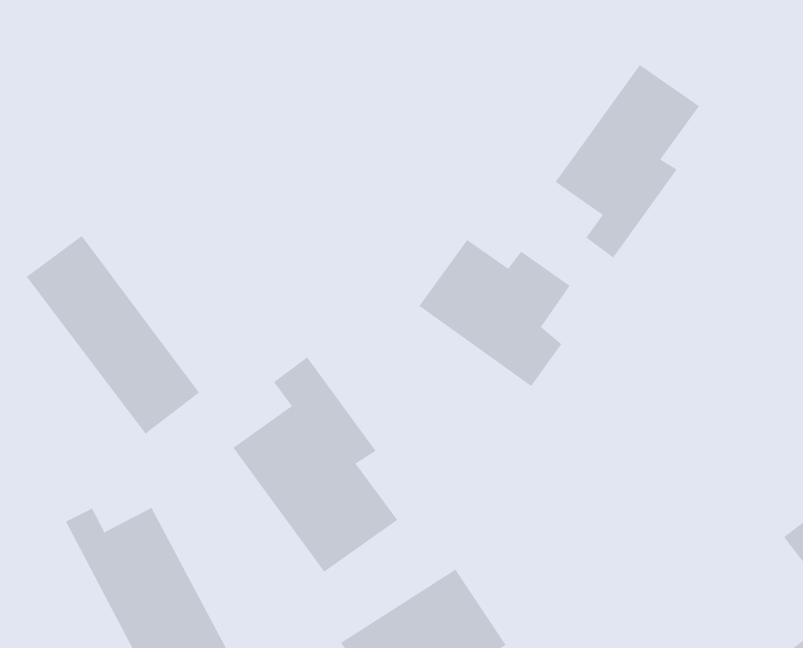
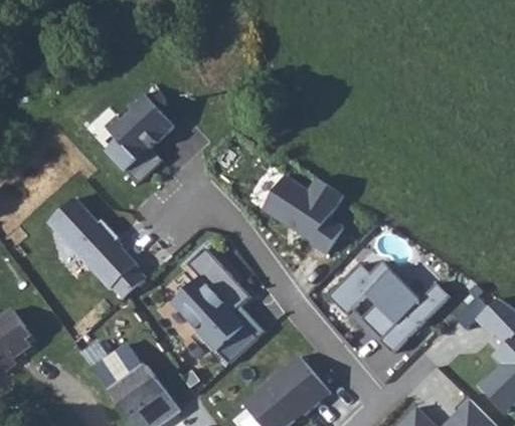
building: none -> [105,92,176,184]
building: [555,64,700,258] -> none
building: none -> [329,261,449,355]

